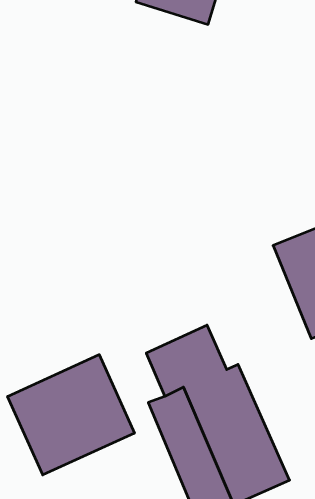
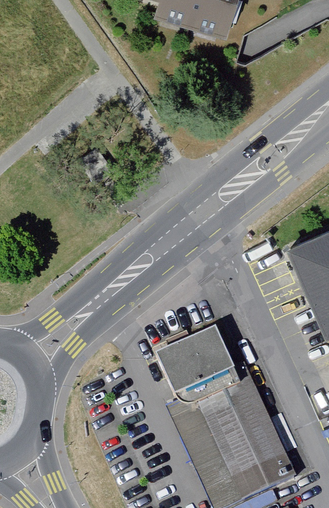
building: [8,355,134,475] -> none

